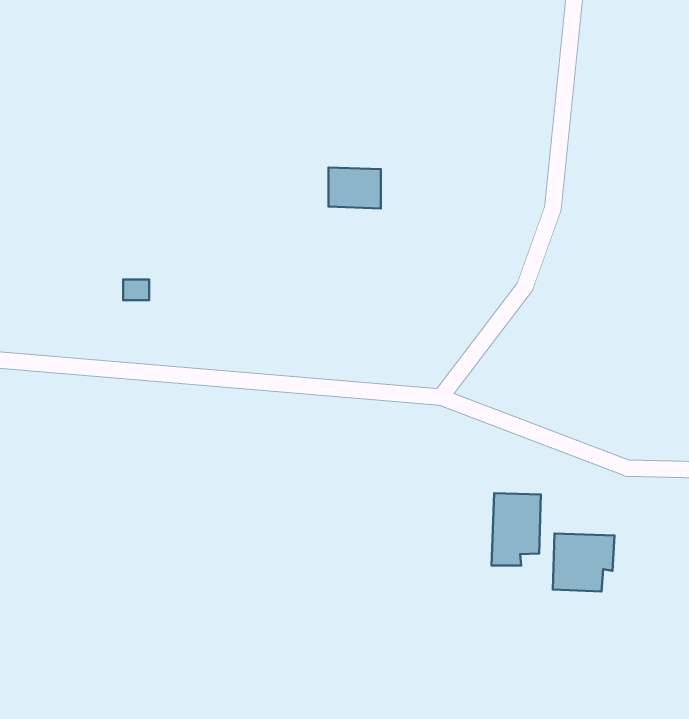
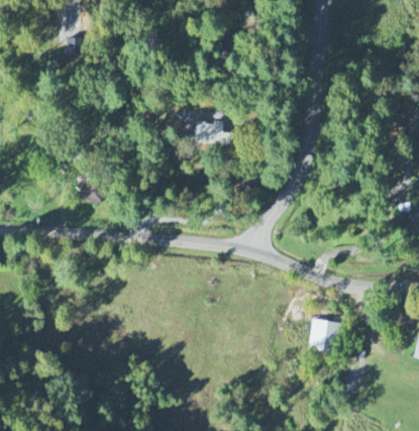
building: [492,493,541,566] -> none

